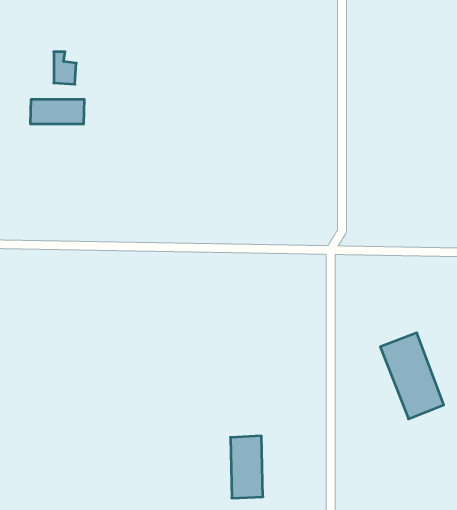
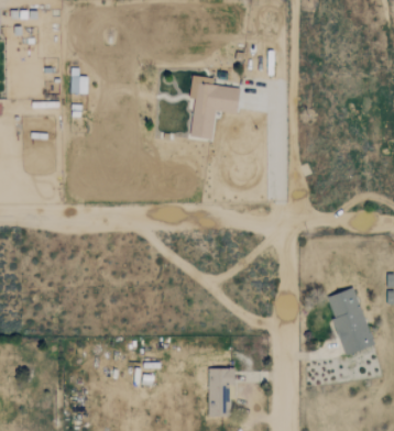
building: none -> [189,76,240,139]
building: [31,99,84,124] -> none

